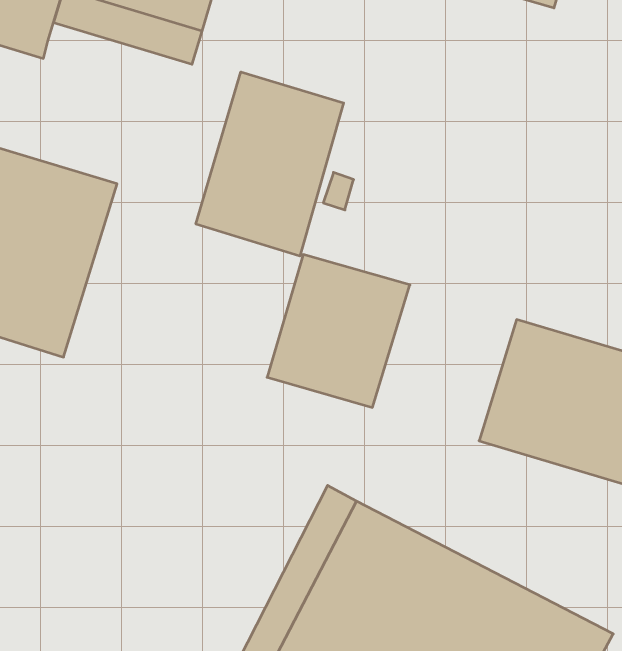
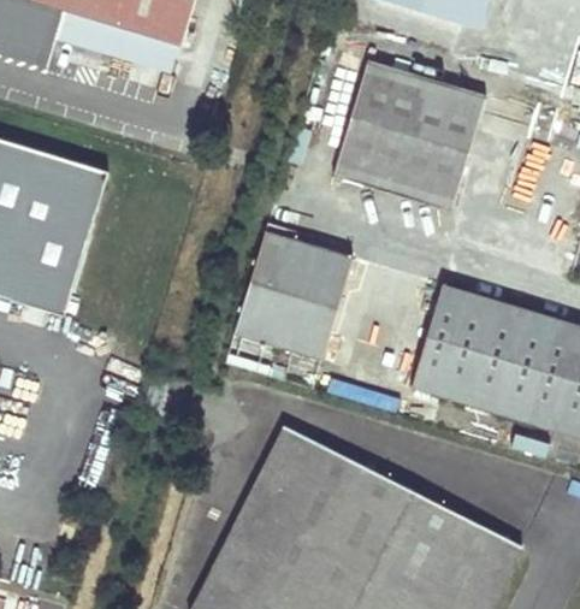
building: none -> [333,60,486,209]
building: [196,72,344,256] -> none

